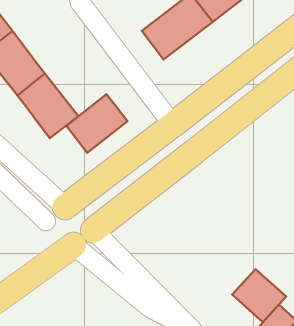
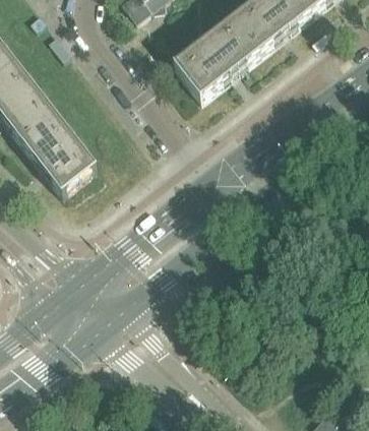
building: [66,94,127,153] -> none
building: [232,269,286,322] -> none

